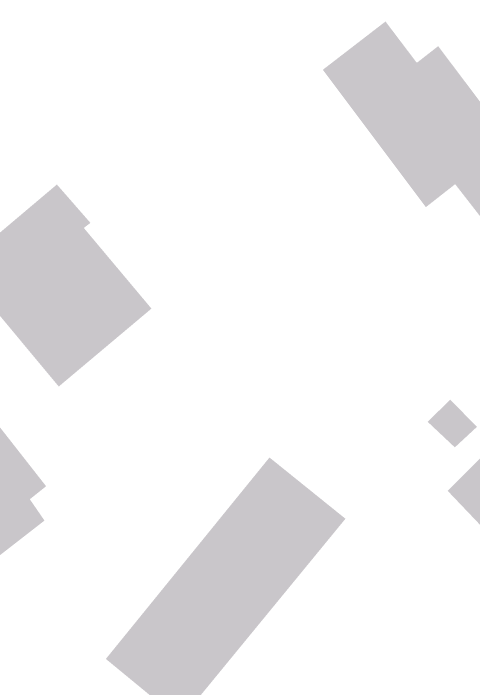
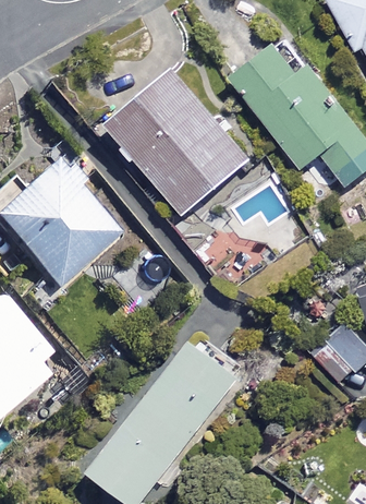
building: none -> [106,67,249,215]

